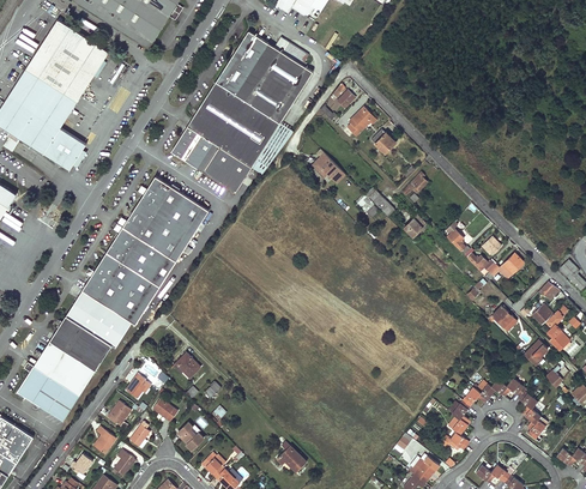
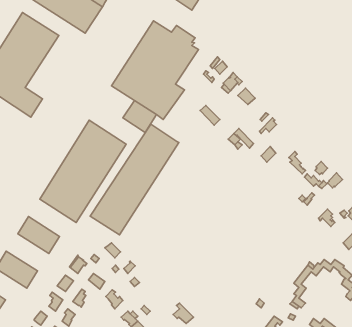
building: [170,126,220,173] -> none
building: none -> [90,124,179,235]
building: [66,291,132,348] -> none
building: [34,342,96,396] -> none

